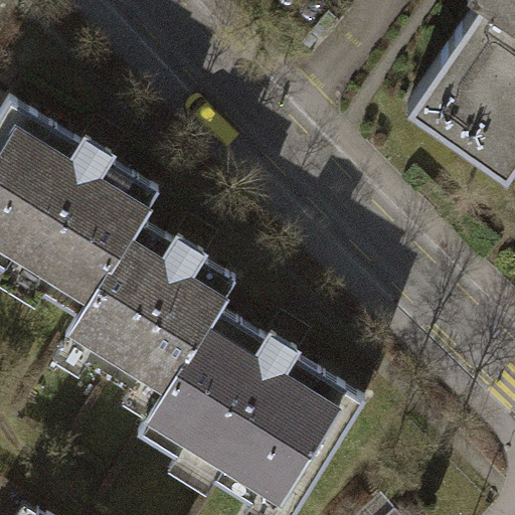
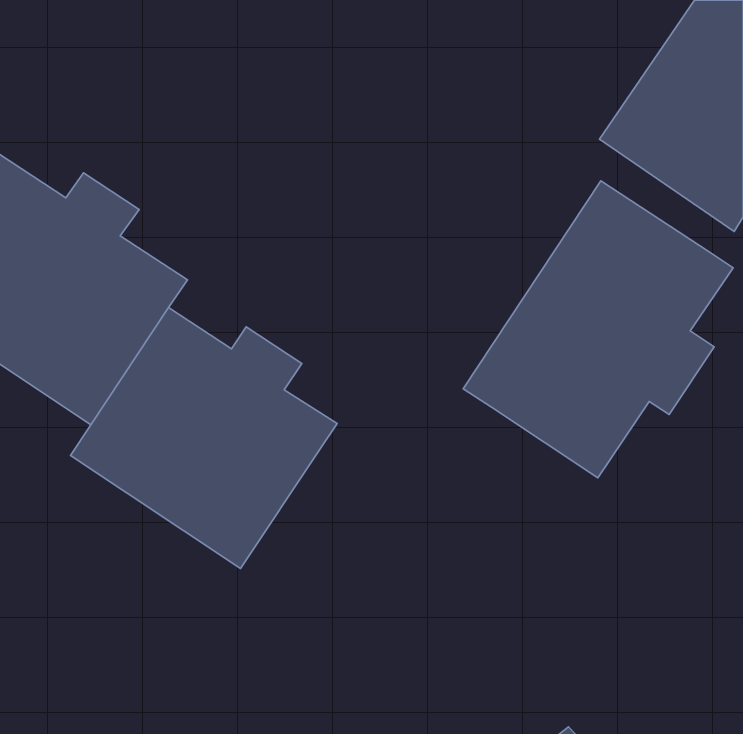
building: none -> [463,181,733,478]
building: [151,319,348,507] -> none

